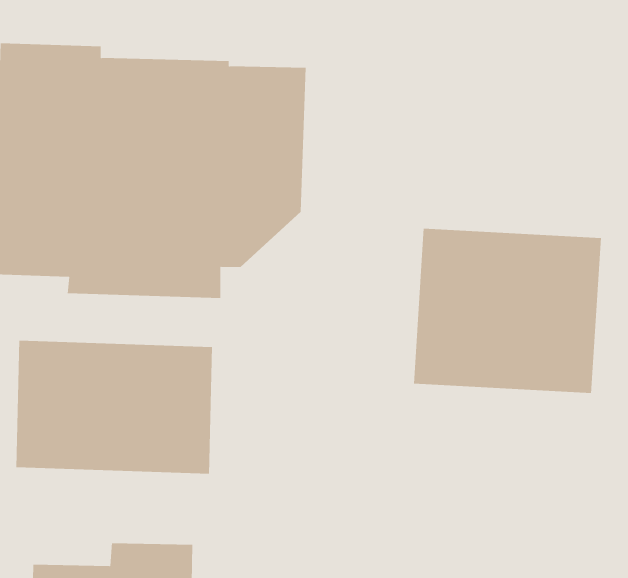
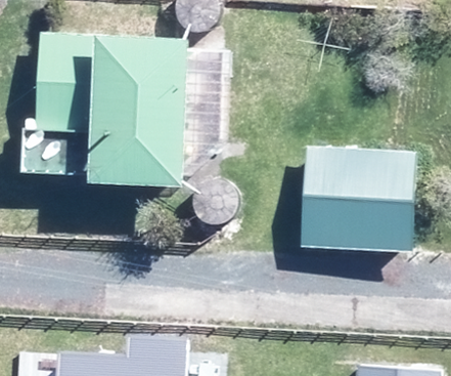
building: [16,340,213,475] -> none

